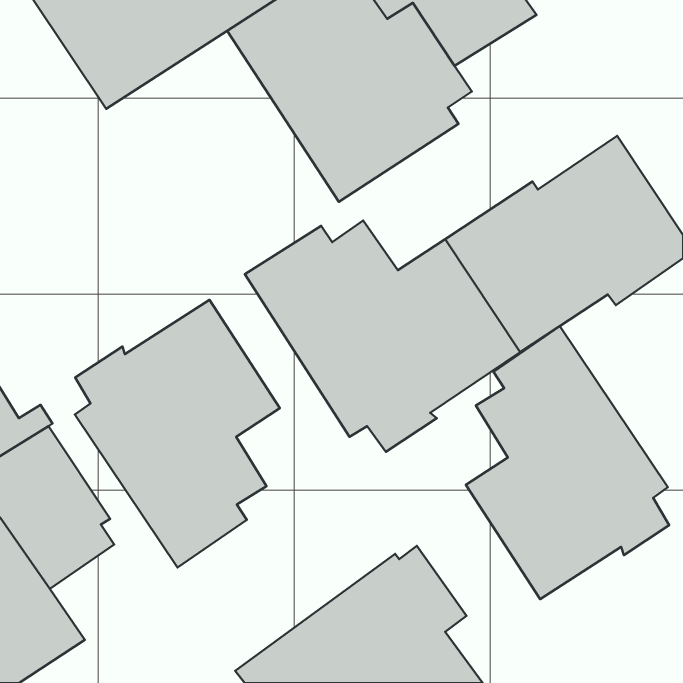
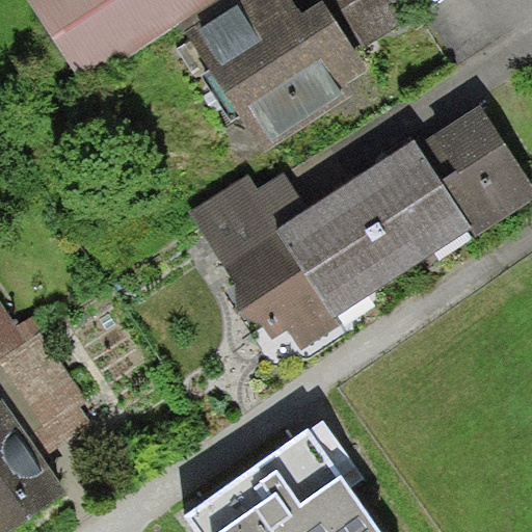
building: [75,300,280,568] -> none
building: [466,326,669,599] -> none

